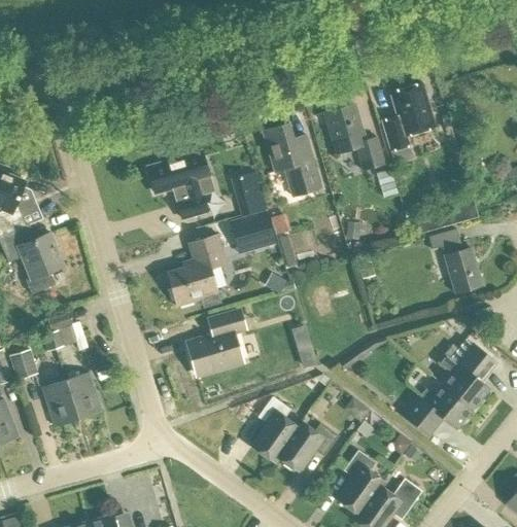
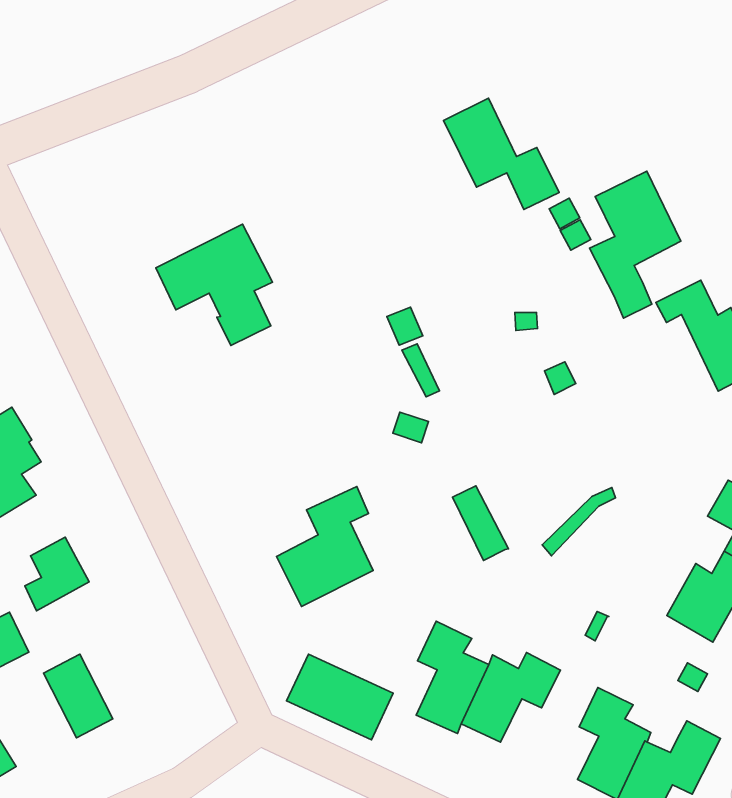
building: [383,83,436,165] -> [590,171,681,318]
building: [264,122,322,199] -> none
building: [232,171,263,210] -> none
building: [228,211,274,246] -> none
building: [172,235,228,308] -> none
building: [67,373,102,420] -> none
building: none -> [287,654,393,740]

